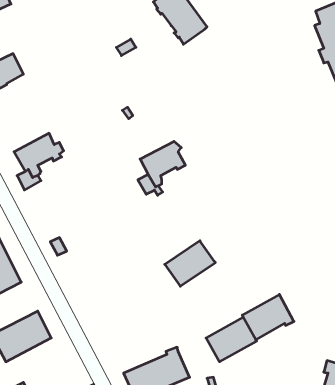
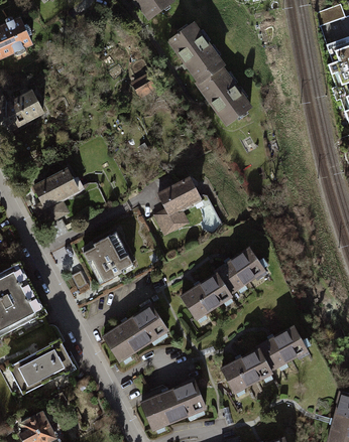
building: none -> [198,66,251,124]
building: none -> [82,231,131,283]
building: none -> [215,247,267,293]
building: none -> [104,302,167,359]

